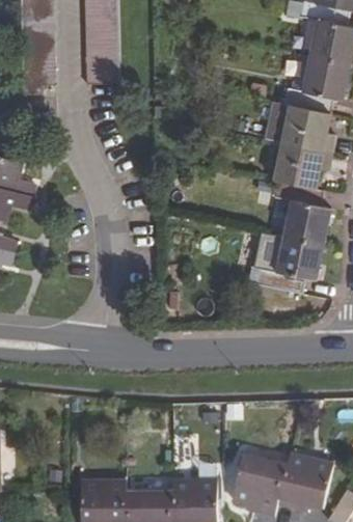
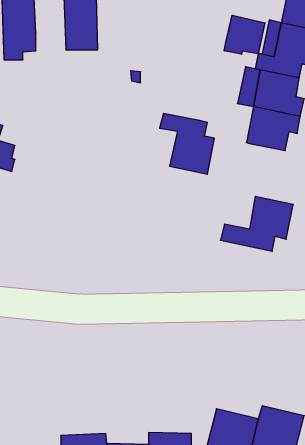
building: none -> [224,15,265,54]
building: [273,181,330,244] -> [160,113,214,174]

